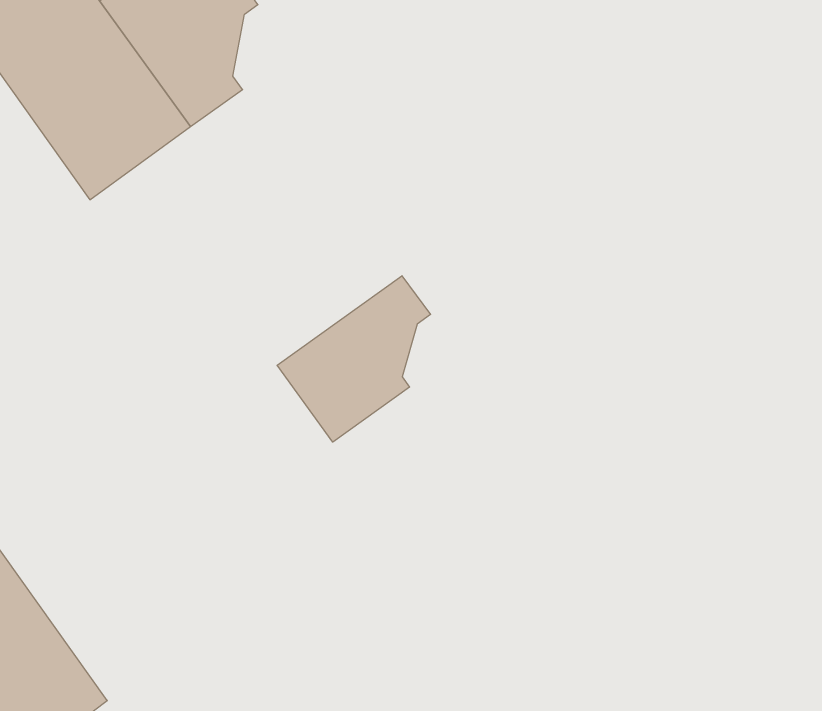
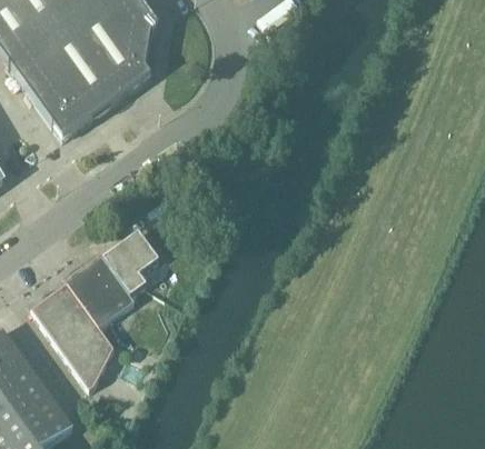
building: [277,276,431,442] -> none
building: none -> [29,230,158,389]

